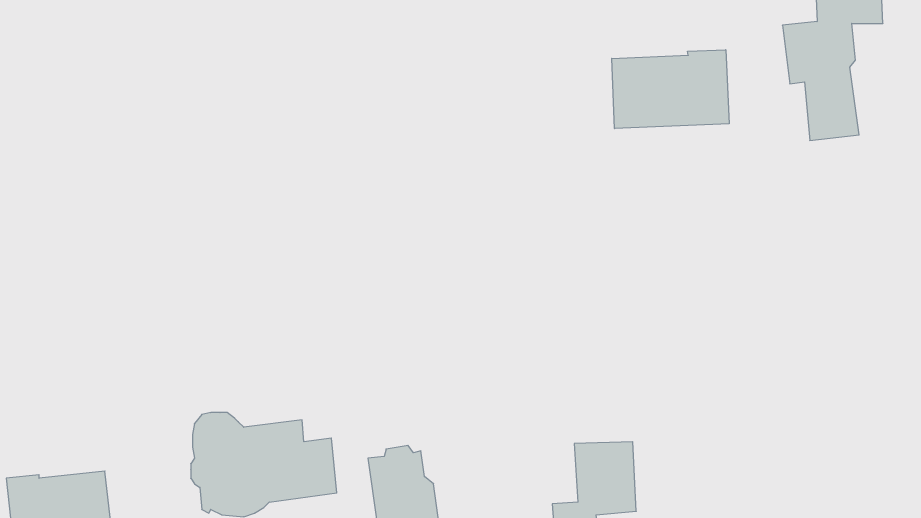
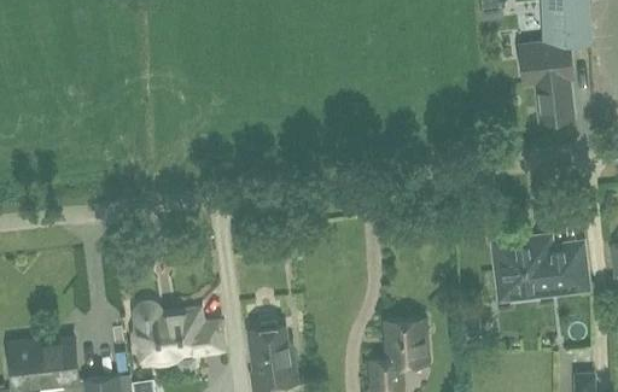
building: [612,50,729,129] -> none
building: none -> [492,242,584,296]

